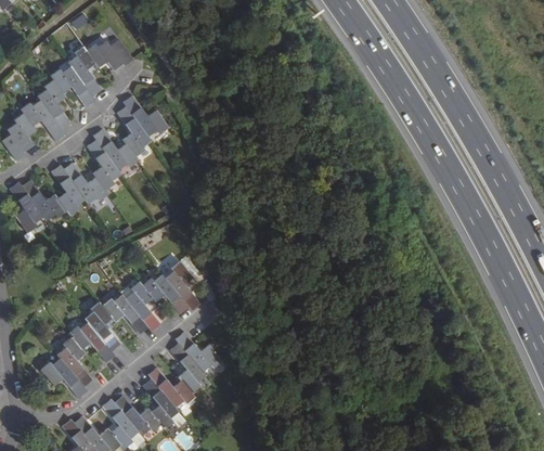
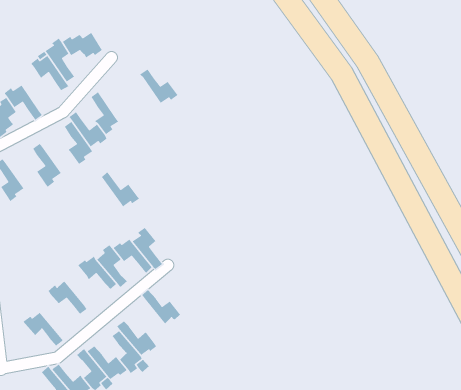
building: [37,79,69,129] -> none
building: [124,96,168,137] -> [139,68,178,104]
building: [64,163,108,204] -> [101,171,140,207]
building: [22,180,66,221] -> none
building: [85,300,120,349] -> none
building: [57,336,92,385] -> none
building: [170,342,205,391] -> none

